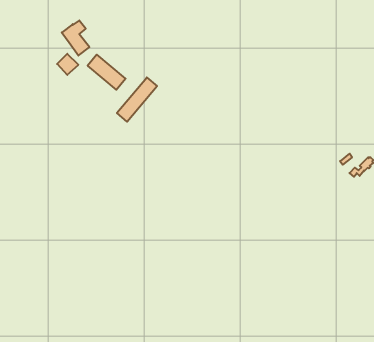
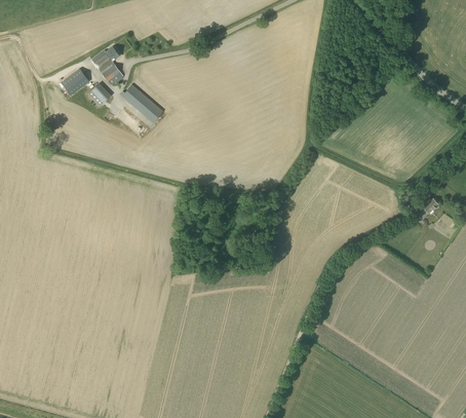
building: none -> [61,69,89,96]
building: [117,77,157,122] -> none

